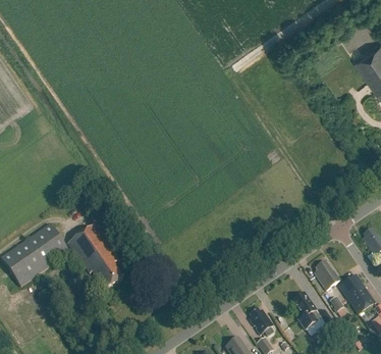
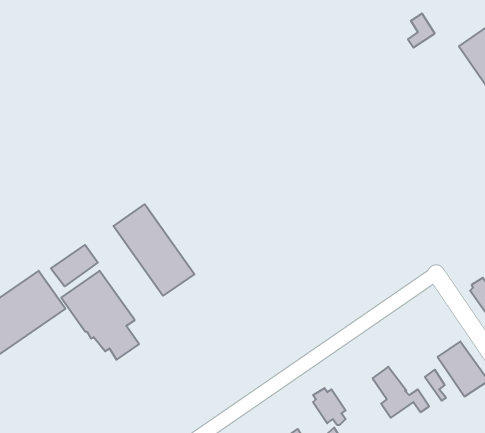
building: none -> [113,204,194,296]
building: none -> [51,245,98,286]
building: [313,261,339,290] -> none

